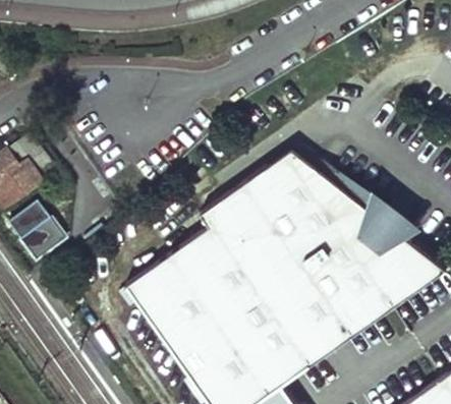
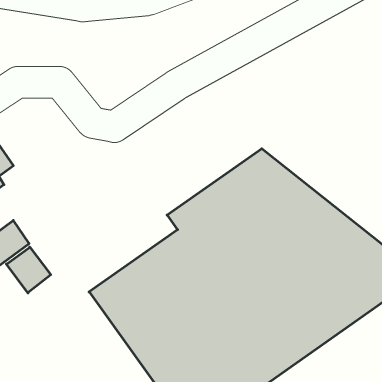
building: none -> [6,247,51,293]

